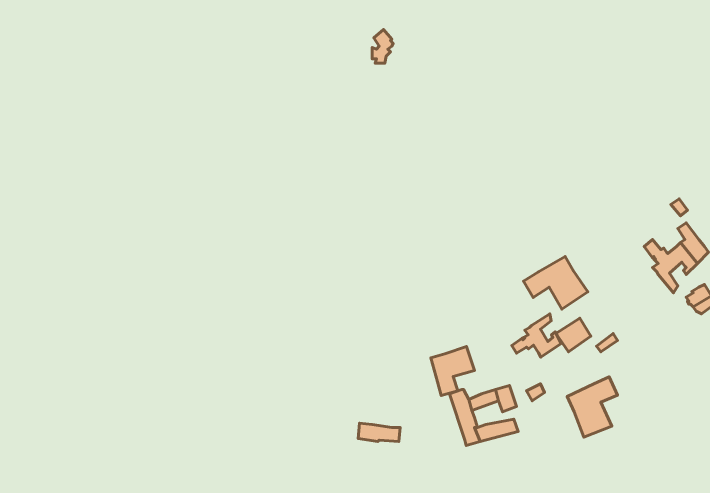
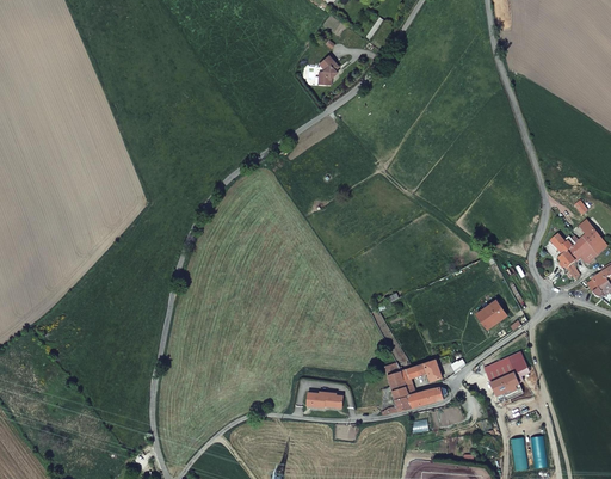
building: [524,257,588,309] -> none
building: [512,314,561,357] -> none
building: [431,346,475,396] -> none

